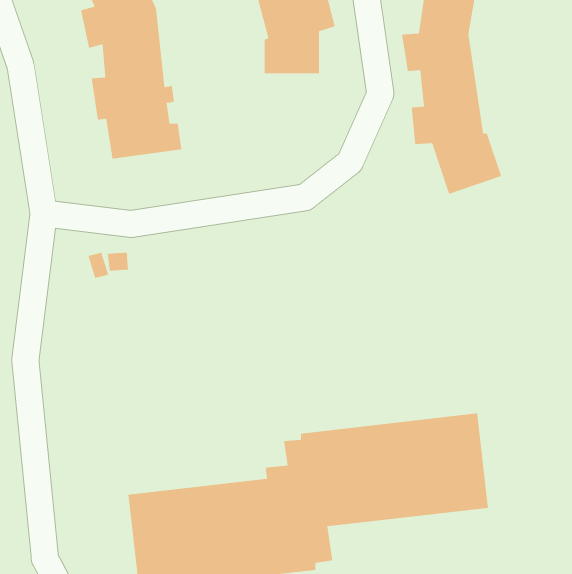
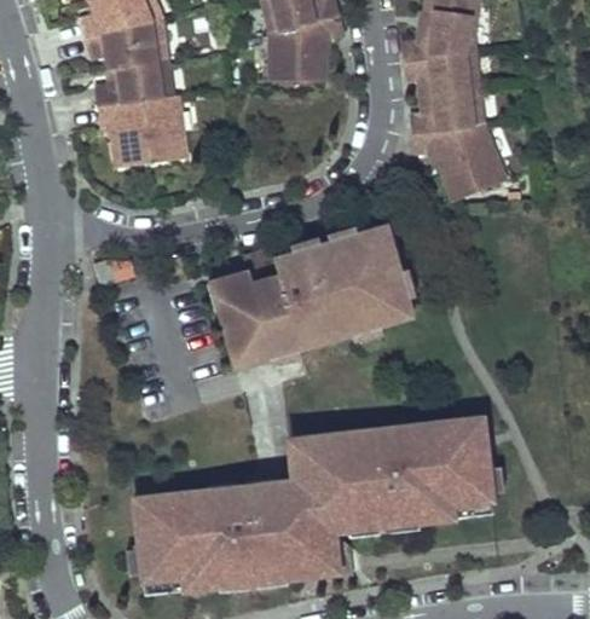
building: none -> [218,225,413,368]

